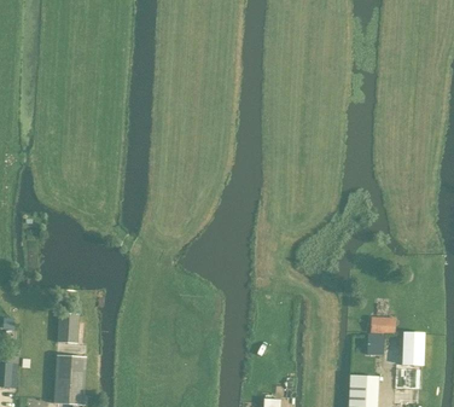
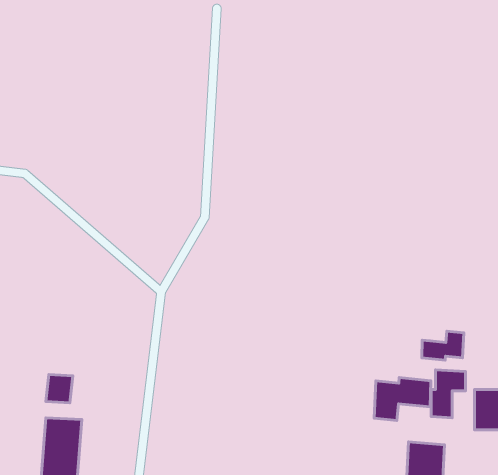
building: none -> [422,331,464,360]
building: none -> [374,378,431,420]

